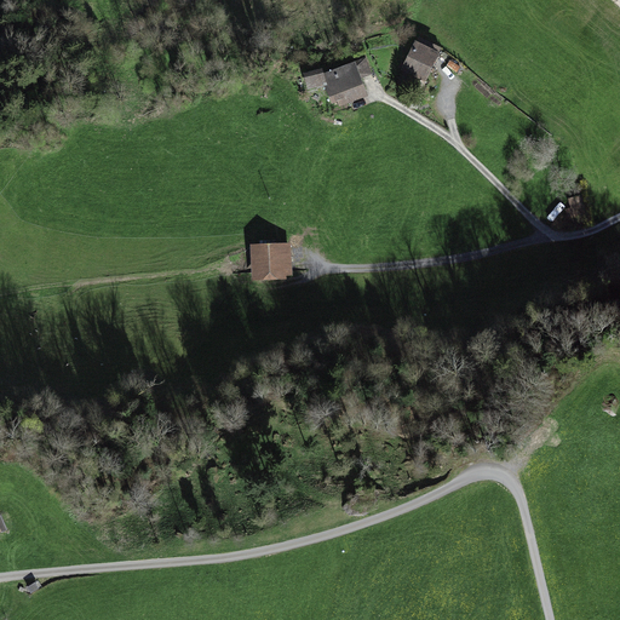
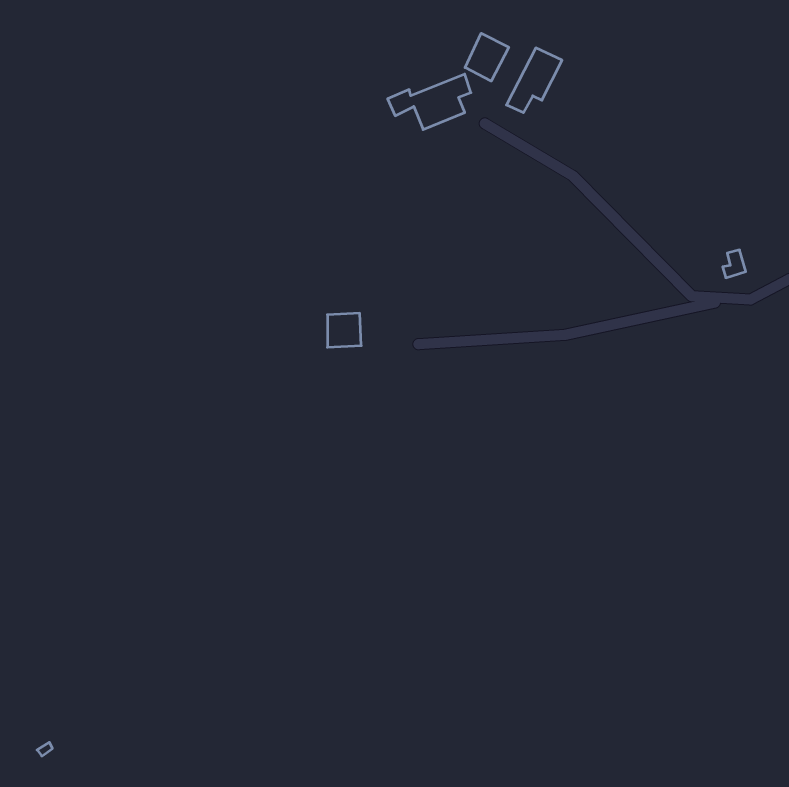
building: none -> [465,33,509,81]

